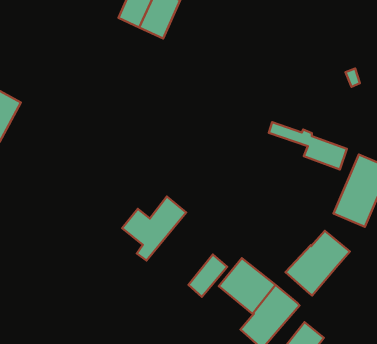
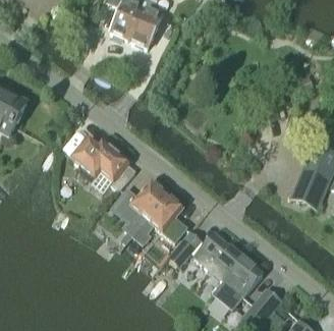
building: [269,122,347,170] -> none
building: none -> [72,135,135,191]
building: none -> [133,194,186,242]
building: [285,231,350,295] -> none

